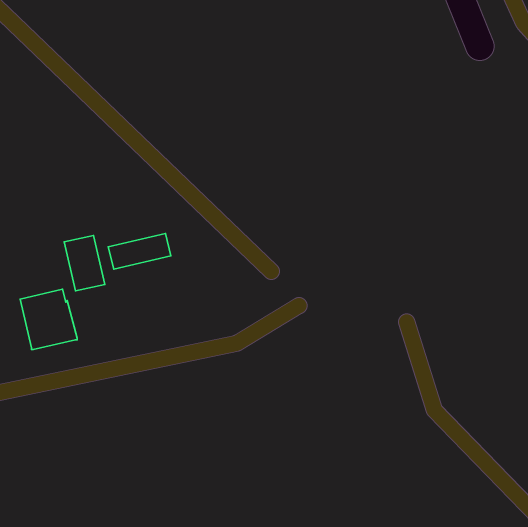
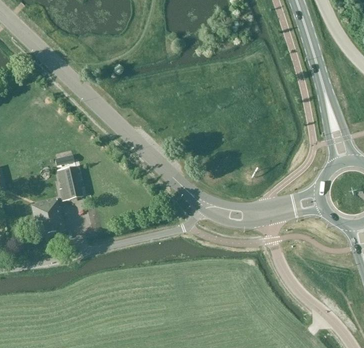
building: [108,234,171,269] -> none

